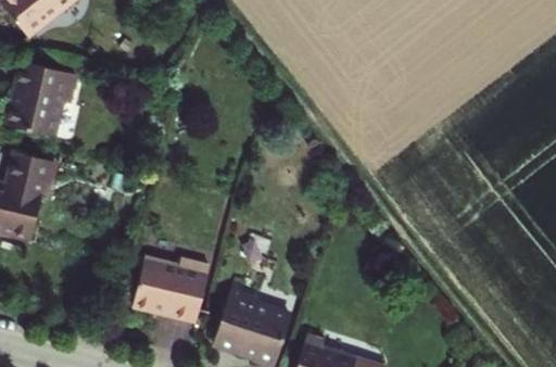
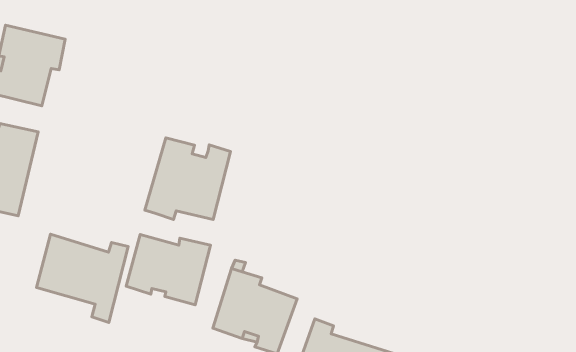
building: none -> [145,138,231,220]
building: none -> [36,234,128,322]

